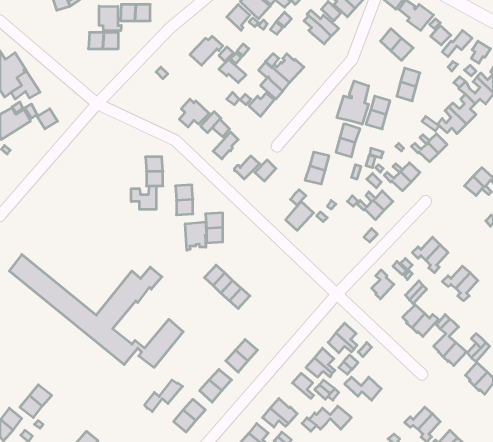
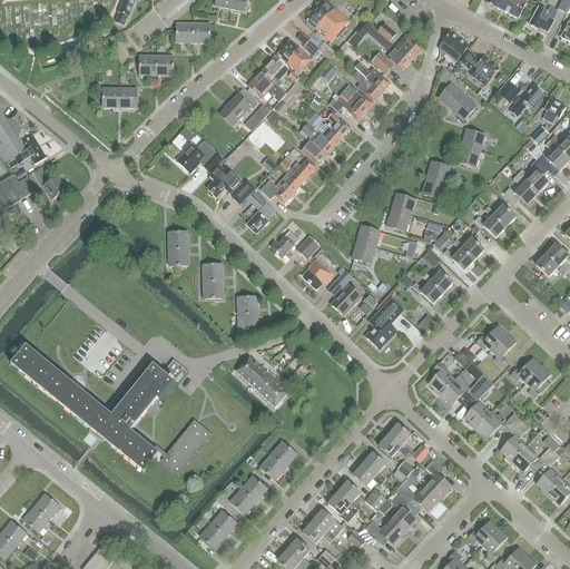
building: [99,6,121,31] -> none
building: none -> [248,69,285,100]
building: none -> [330,89,373,119]
building: none -> [176,140,223,171]
building: [337,81,369,124] -> none
building: none -> [259,171,301,202]
building: none -> [302,258,333,290]
building: [131,186,156,209] -> none
building: none -> [365,296,404,347]
building: [185,222,206,250] -> none
building: none -> [439,373,469,404]
building: none -> [425,459,451,498]
building: [145,380,183,412] -> none
building: none -> [327,491,358,522]
building: none -> [390,492,416,531]

